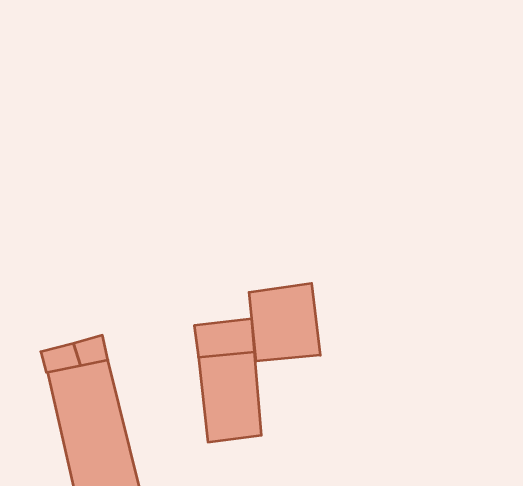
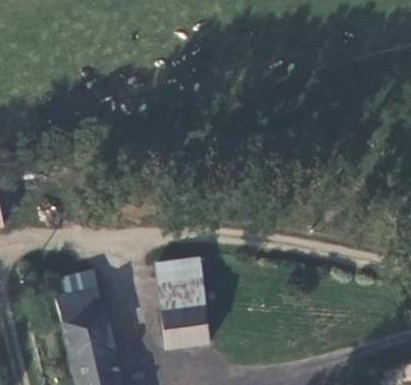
building: [249,283,320,361] -> none

